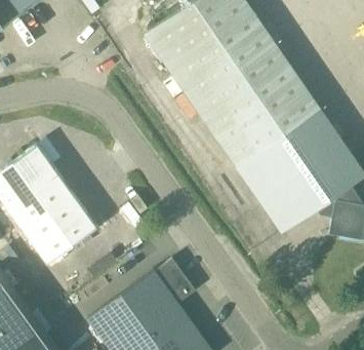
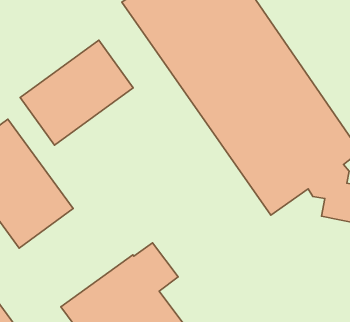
building: none -> [20,40,133,145]

